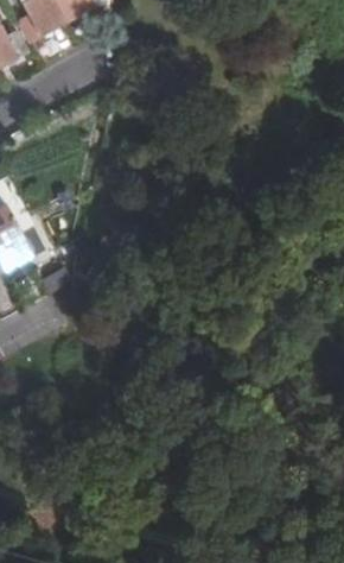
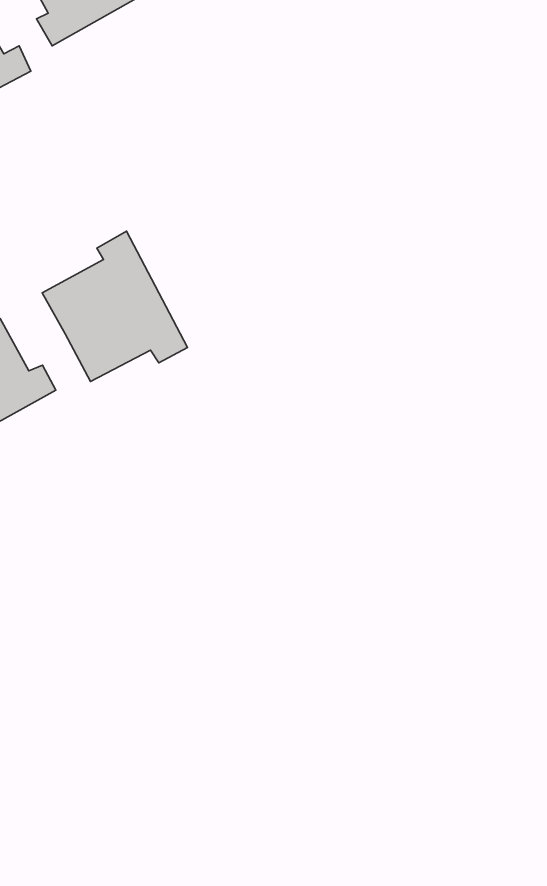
building: none -> [42,231,187,382]

